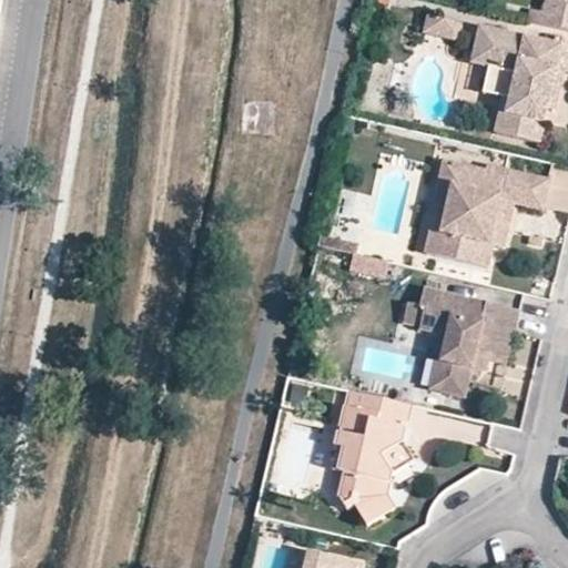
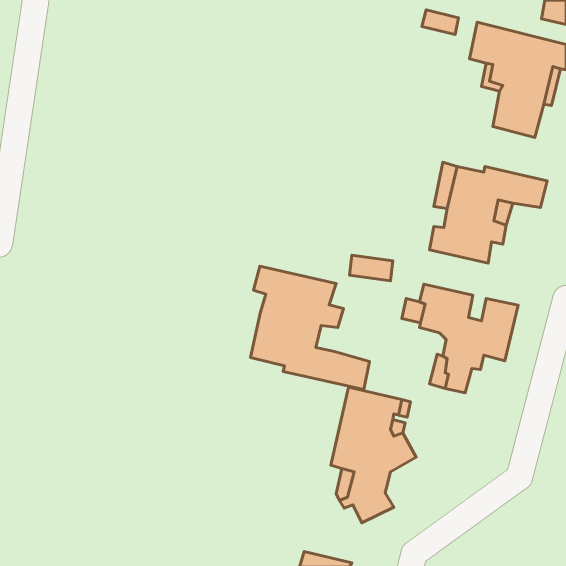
building: none -> [250,266,369,390]

